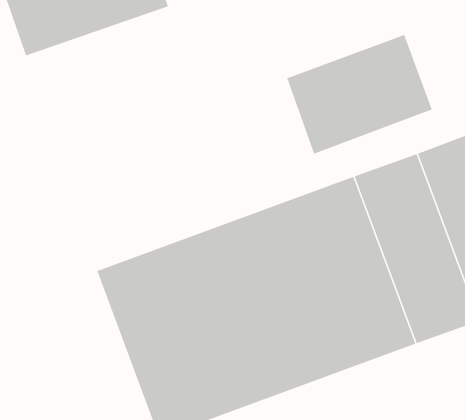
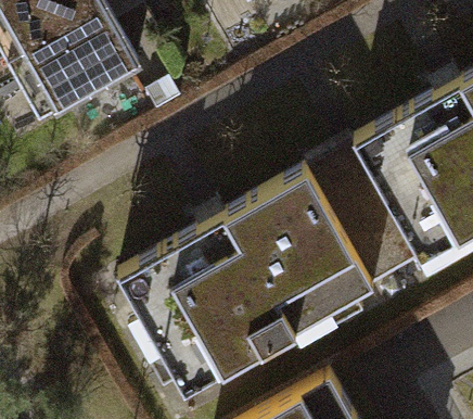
building: [286,34,432,154] -> none

